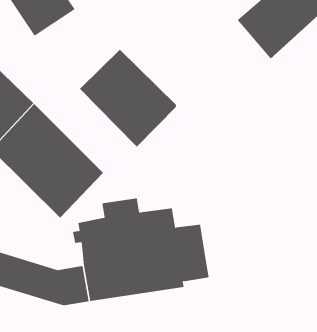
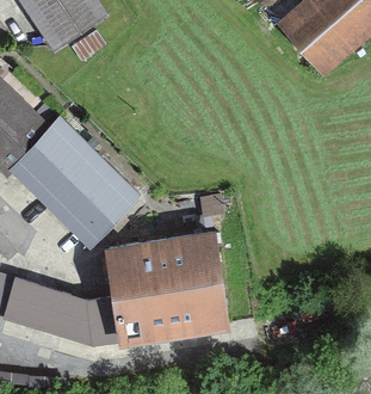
building: [79,49,177,147] -> none

